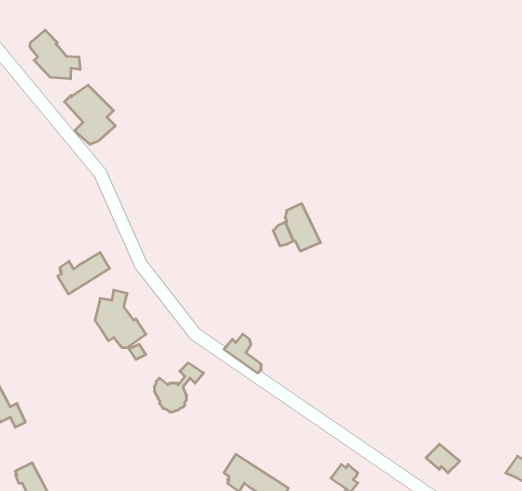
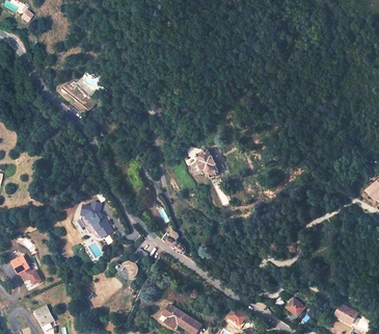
building: [30,30,80,79] -> none
building: [58,252,110,294] -> none

